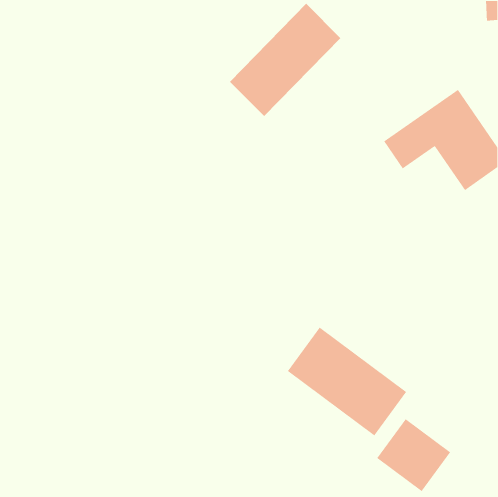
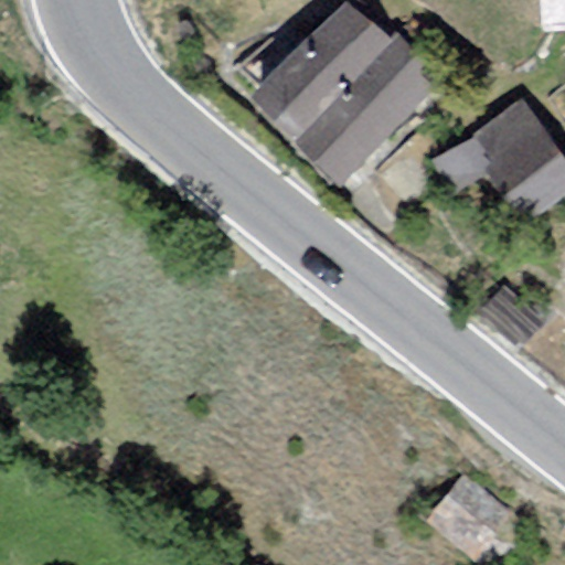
building: none -> [299,31,440,175]
building: [287,326,407,436] -> none

